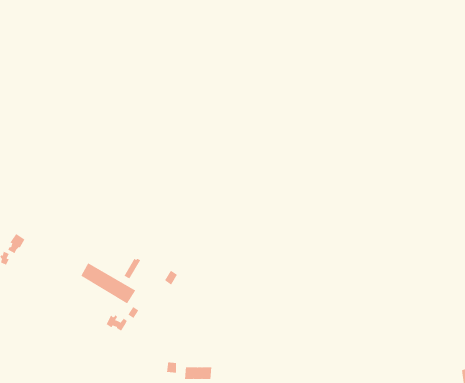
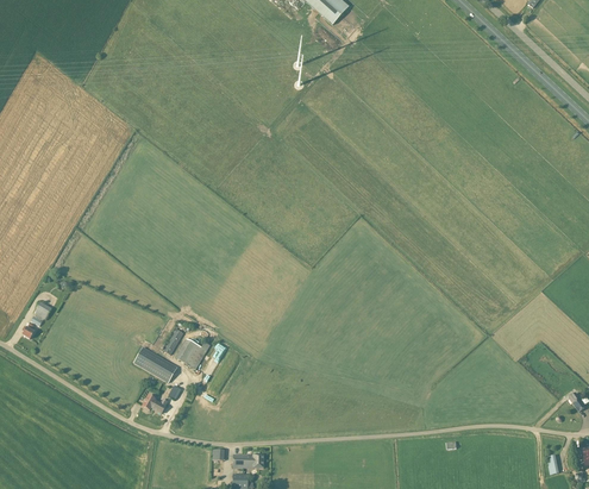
building: none -> [175,338,209,369]

